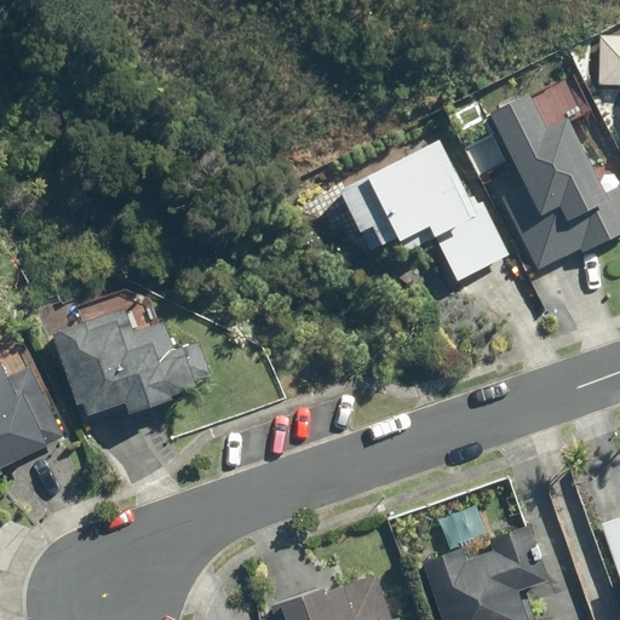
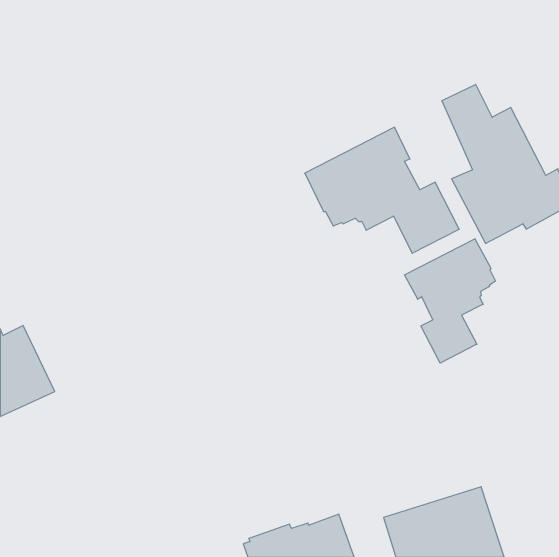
building: none -> [405,239,495,363]
building: [50,309,211,424] -> none

